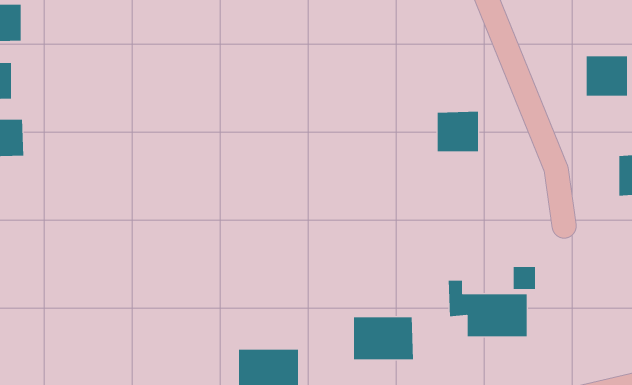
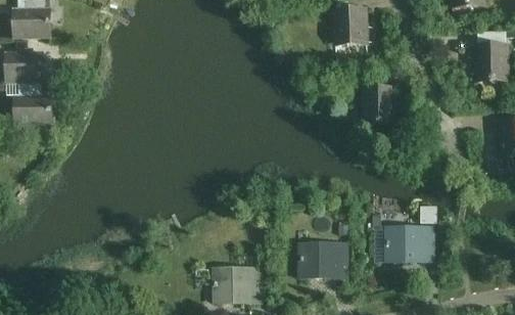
building: none -> [333,11,366,41]

